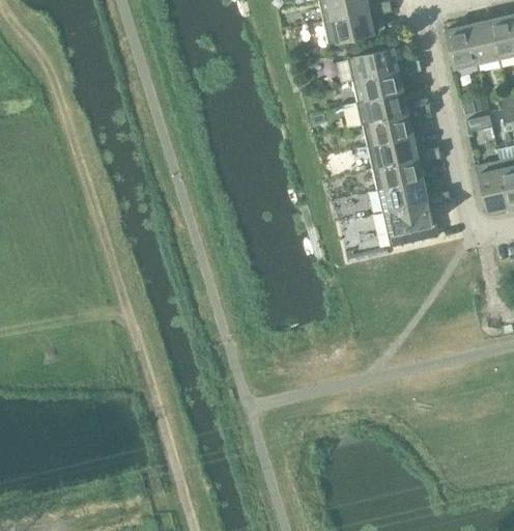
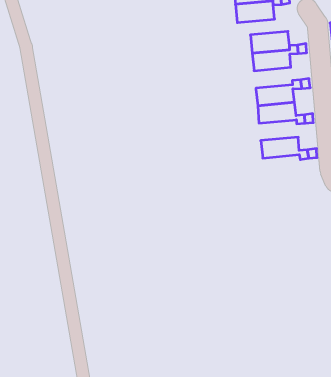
building: [355,92,408,125] -> none
building: [372,158,424,190] -> none
building: [382,201,438,247] -> none

